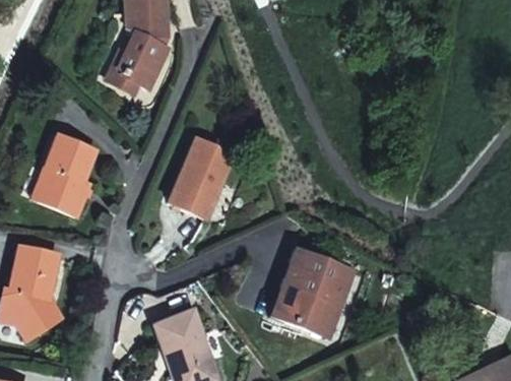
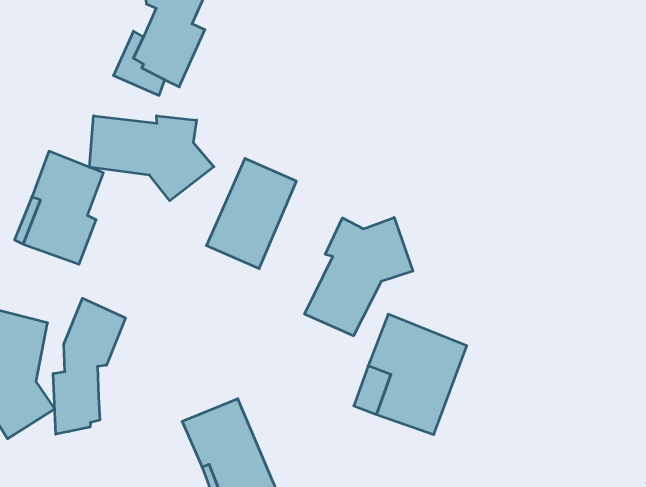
building: none -> [89,116,214,201]
building: none -> [305,217,413,336]
building: none -> [53,298,125,434]

